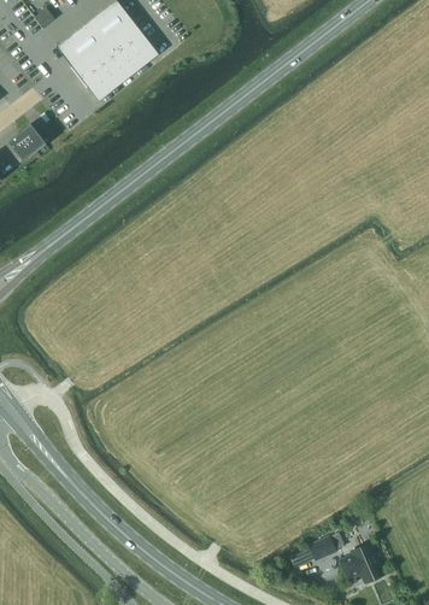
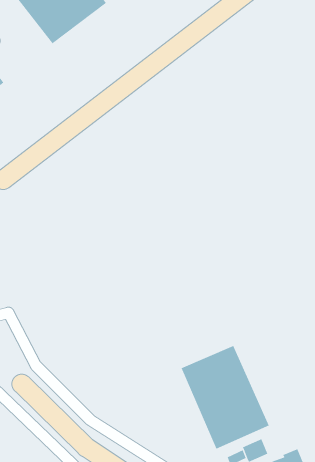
building: none -> [181,345,269,450]

